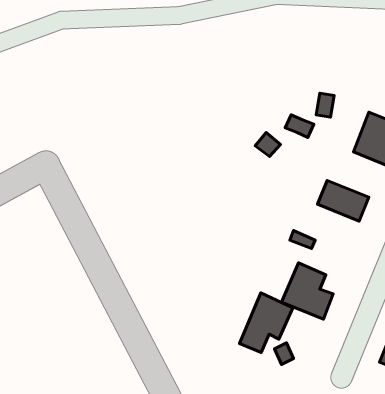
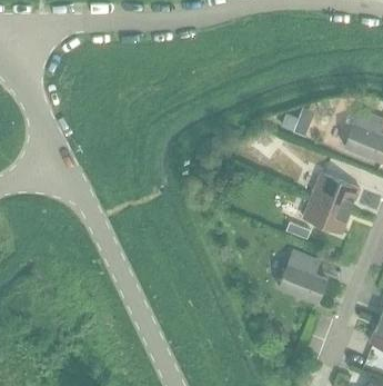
building: none -> [303,196,351,234]
building: [239,293,293,352] -> none

